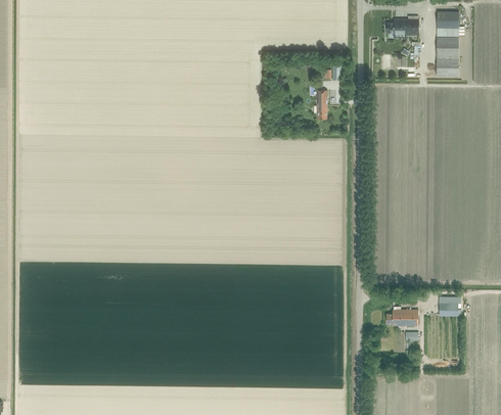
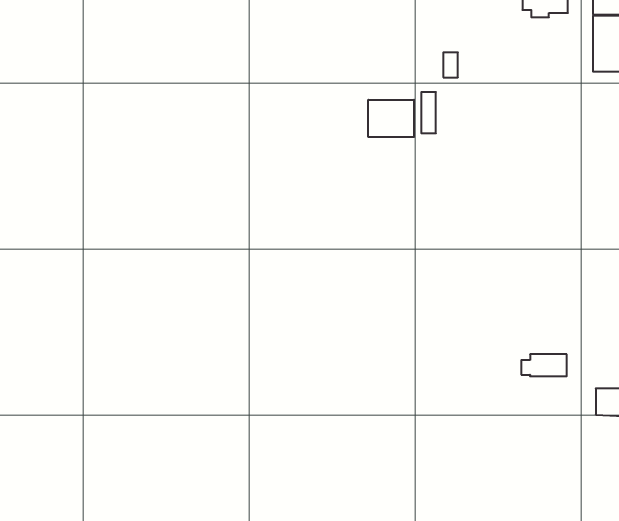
building: none -> [368,100,414,137]
building: [385,311,417,326] -> [521,354,567,376]

